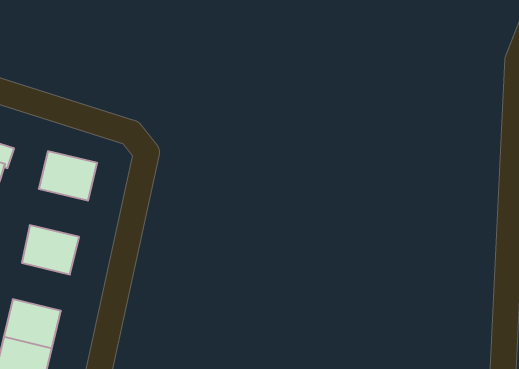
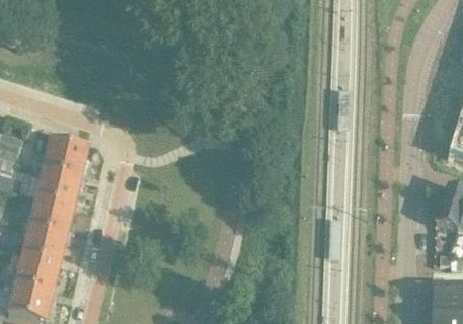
building: none -> [35,166,81,204]
building: none -> [22,224,67,261]

